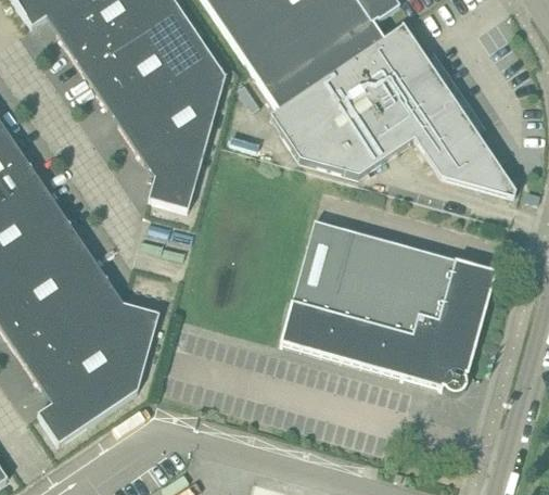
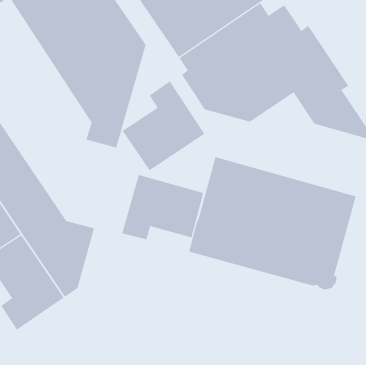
building: none -> [122,80,205,171]
building: none -> [122,174,204,240]

